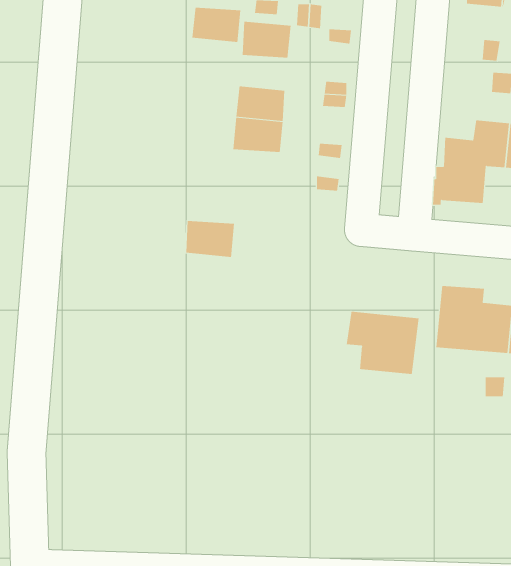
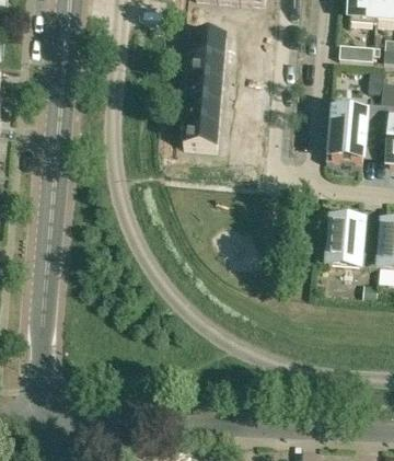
building: [192,7,241,43] -> [189,55,224,80]
building: [185,220,235,258] -> [184,122,219,148]
building: [344,311,419,375] -> none

